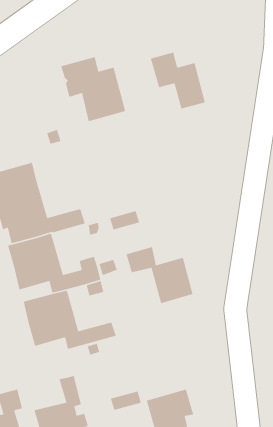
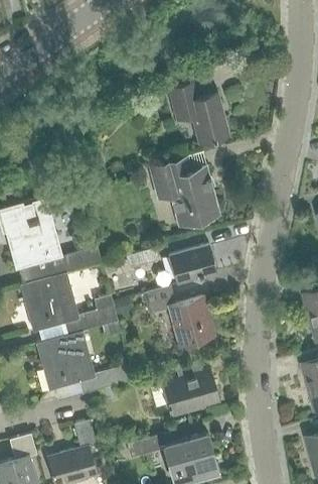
building: [60,56,126,122] -> [150,157,218,226]
building: none -> [169,245,217,283]
building: none -> [151,361,218,417]

